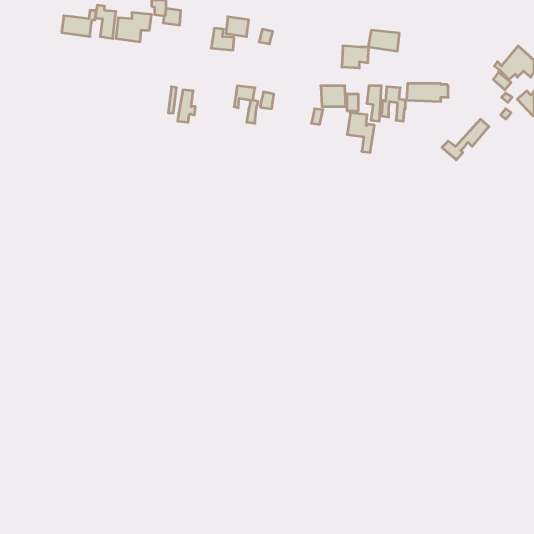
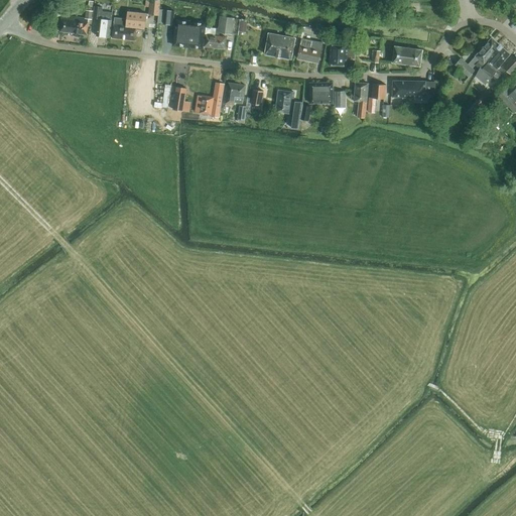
building: none -> [173,22,205,46]
building: [368,30,399,51] -> [392,46,422,67]
building: none -> [265,33,295,58]
building: none -> [297,38,322,62]
building: none -> [196,83,224,116]
building: [347,113,374,152] -> [275,90,301,128]
building: [442,119,489,160] -> [455,37,500,77]

